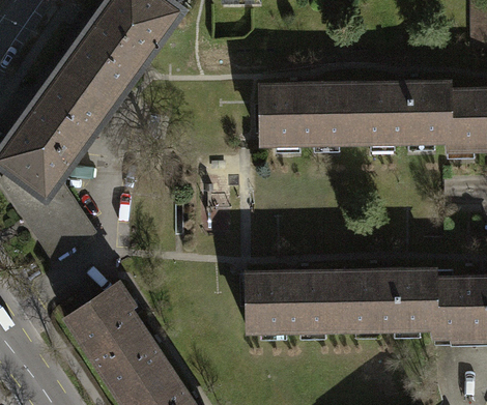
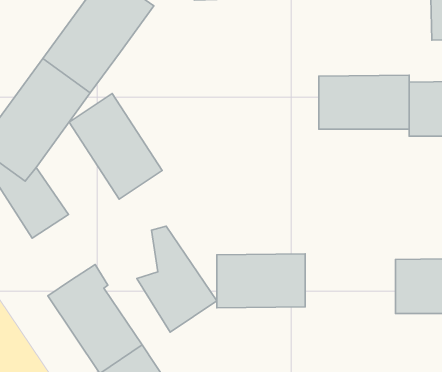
building: [260,85,353,142] -> none
building: none -> [69,93,162,199]
building: none -> [137,226,217,332]
building: [339,271,434,328] -> none

